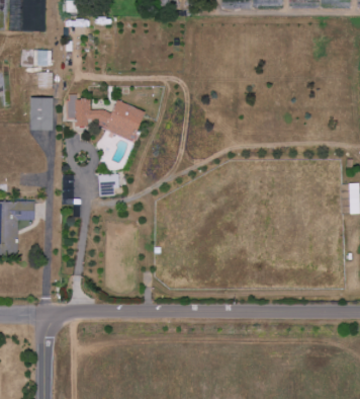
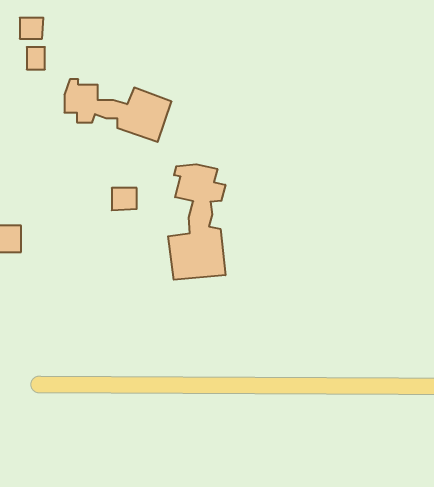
building: [30,97,53,131] -> none
building: none -> [168,164,225,280]

